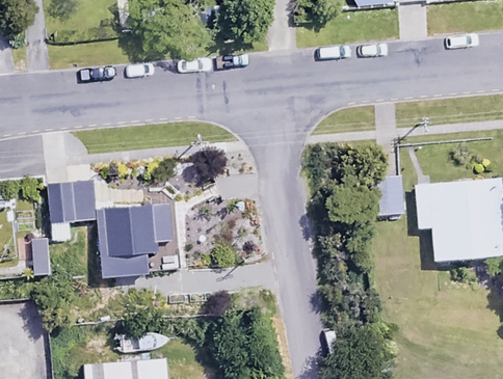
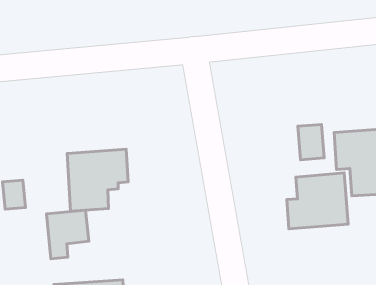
building: [47,182,97,239] -> [47,210,89,259]
building: none -> [287,173,348,229]

